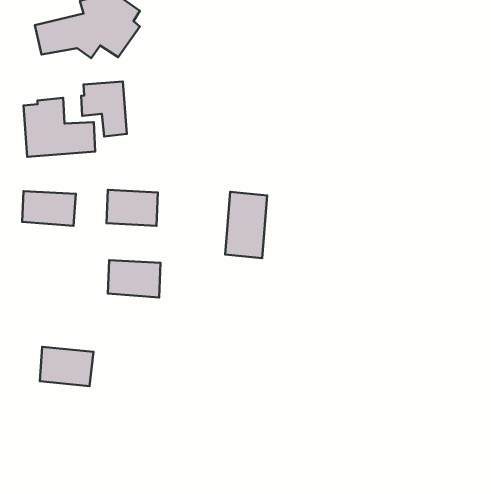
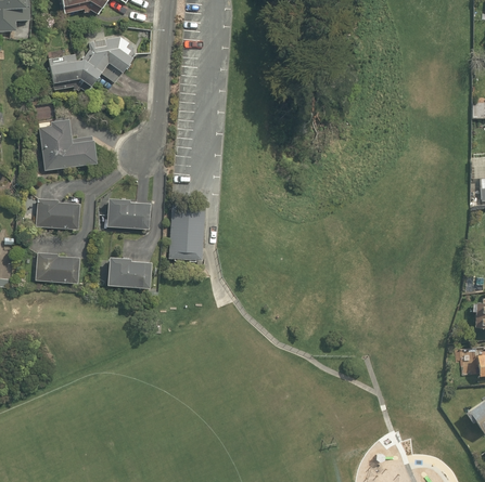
building: [81,82,127,136] -> none
building: [225,192,267,258] -> [167,205,203,261]
building: [40,347,93,386] -> [36,252,81,286]

